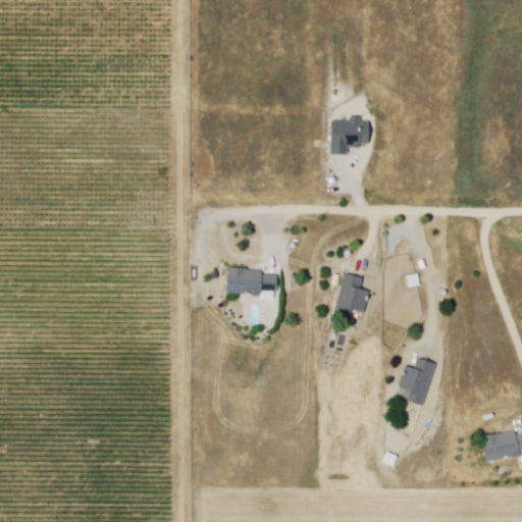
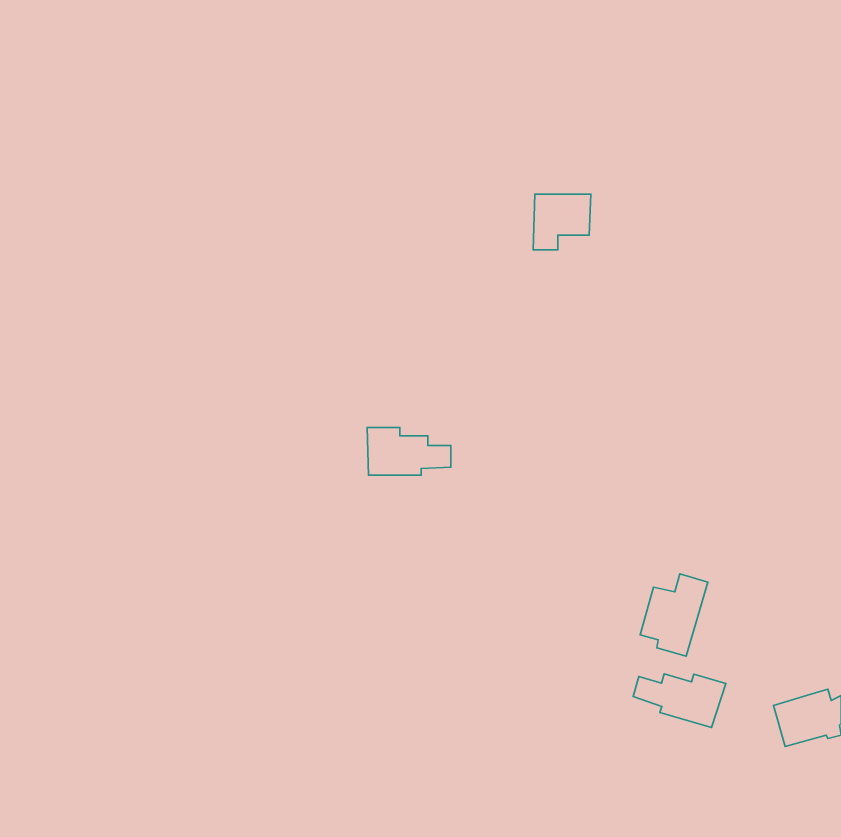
building: [333,270,372,321] -> none
building: none -> [633,674,726,728]

